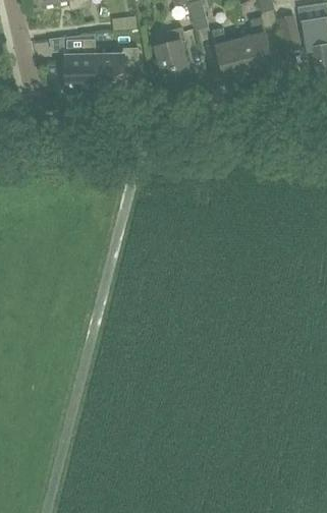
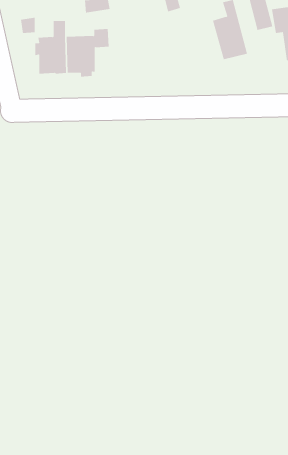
building: [156,26,193,86] -> none
building: [212,26,252,84] -> none

